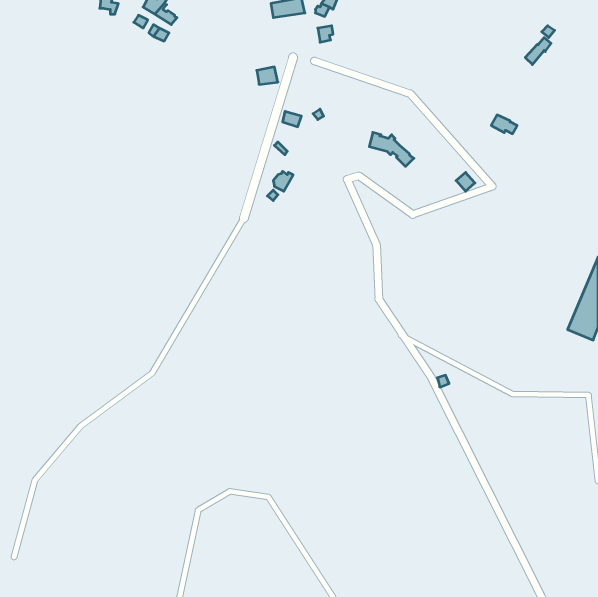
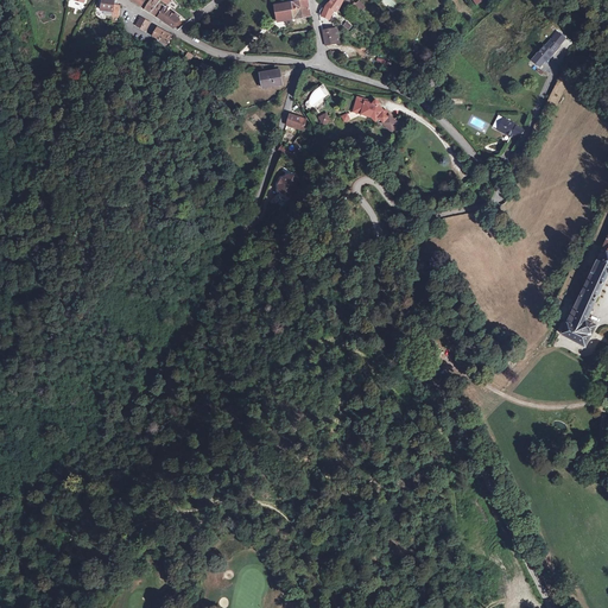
building: [369,132,414,166] -> [352,95,397,129]

